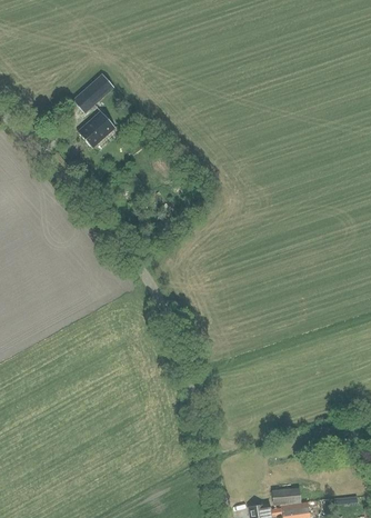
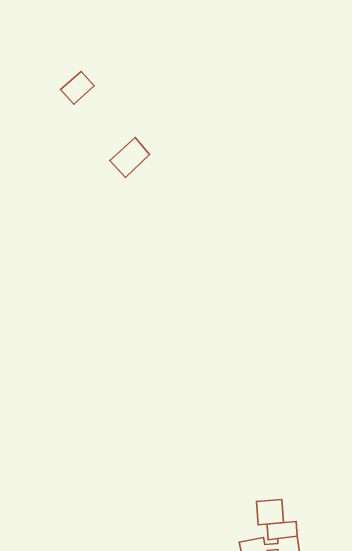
building: [78,111,114,148] -> [110,137,150,177]
building: none -> [257,500,283,525]

